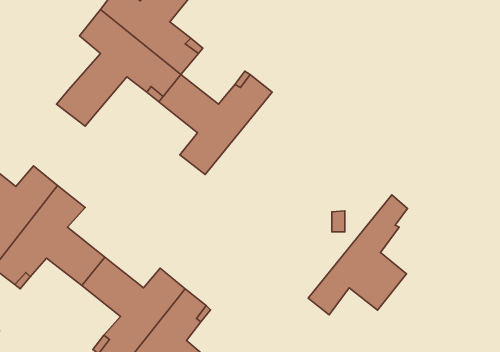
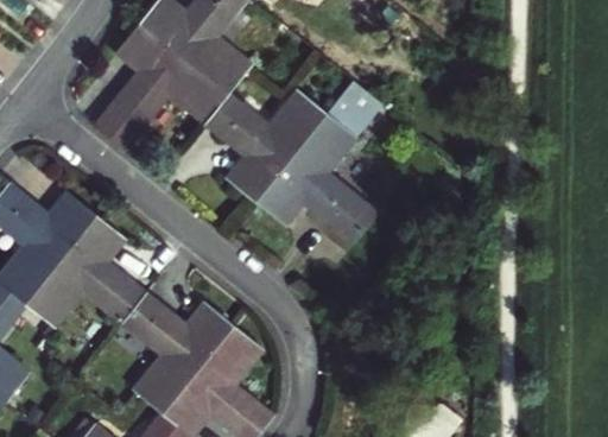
building: none -> [254,80,385,245]
building: [308,195,407,315] -> none

